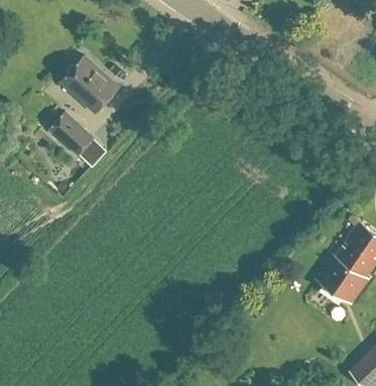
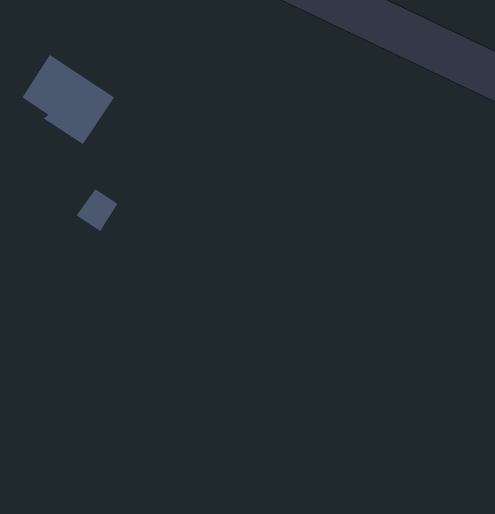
building: [48,112,92,154] -> none

